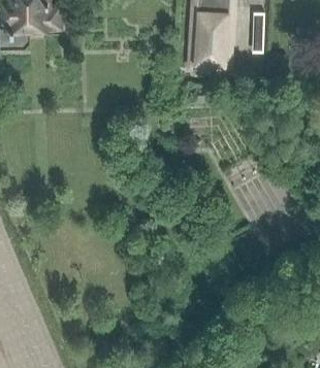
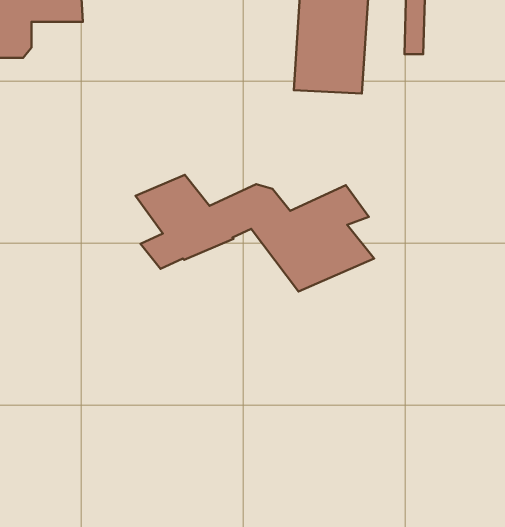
building: none -> [135,175,374,291]

